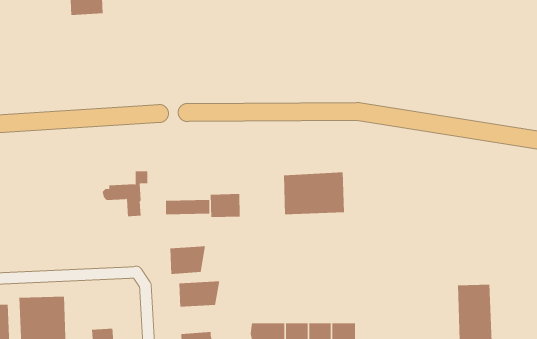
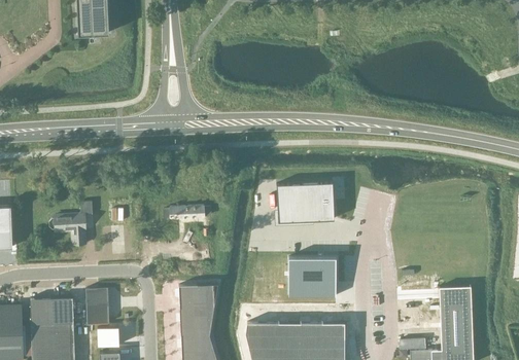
building: [102,171,148,217] -> [49,203,93,246]
building: [210,193,240,218] -> none
building: [170,246,206,274] -> [180,307,214,333]
building: none -> [289,257,337,296]
building: none -> [86,288,109,324]

